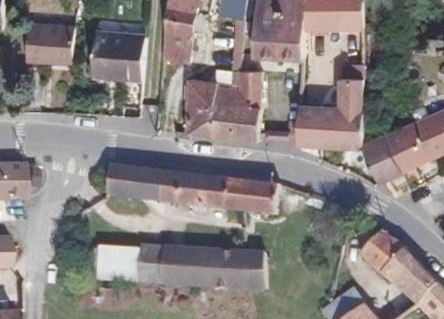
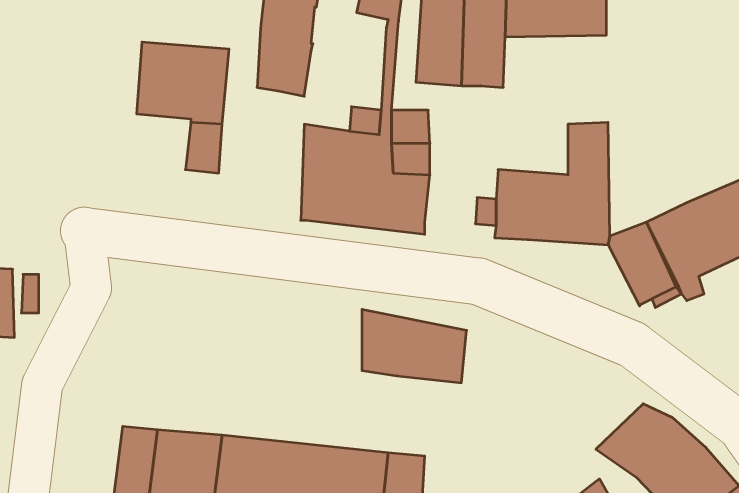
building: [27,20,75,61] -> none
building: [111,168,222,217] -> none

